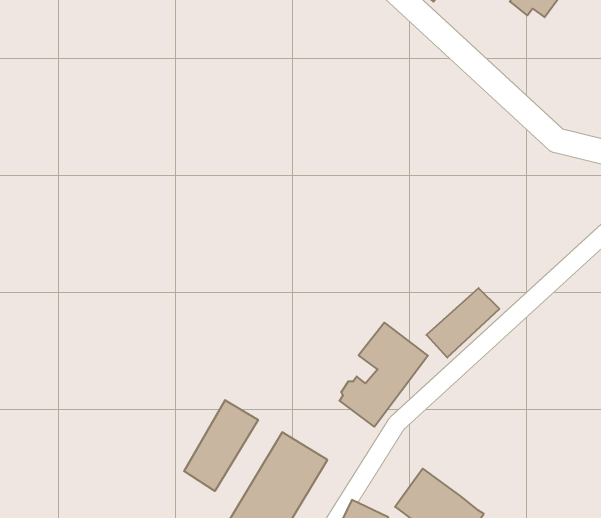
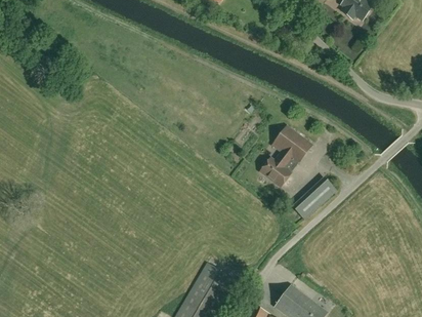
building: [339,323,428,427] -> [259,125,311,187]
building: [184,400,258,491] -> none

